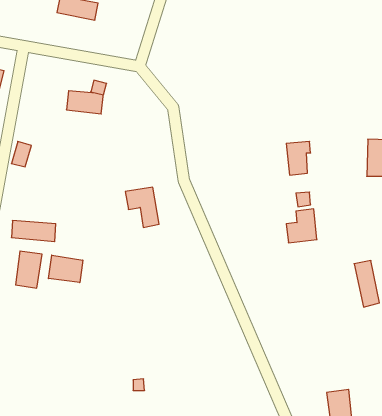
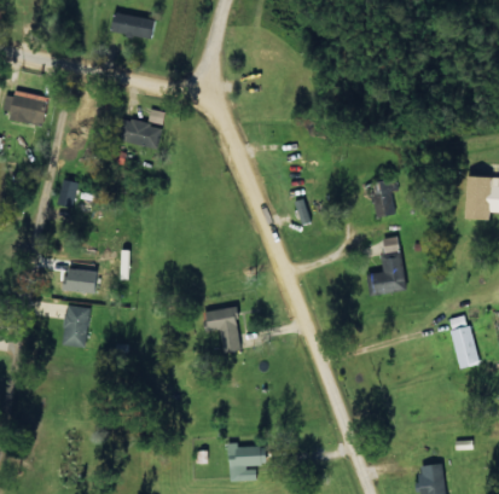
building: [125,187,159,227] -> [203,307,242,353]
building: [48,255,83,283] -> none
building: none -> [228,446,263,482]

